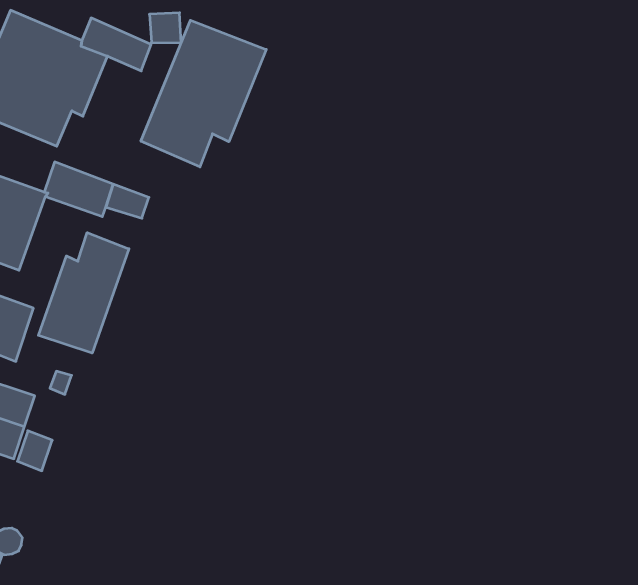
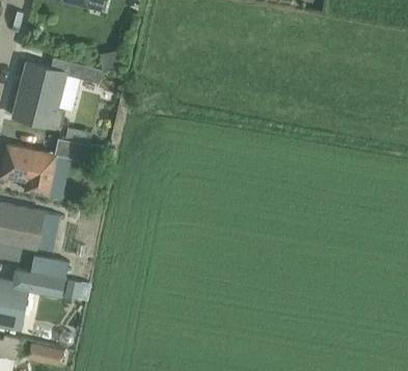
building: [141,20,266,167] -> none
building: [38,233,129,353] -> none

